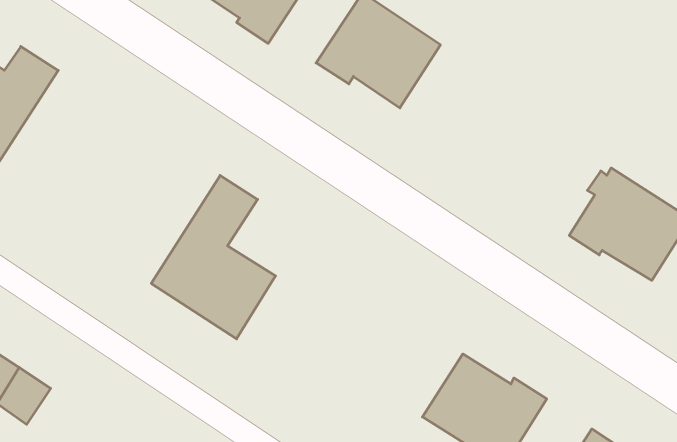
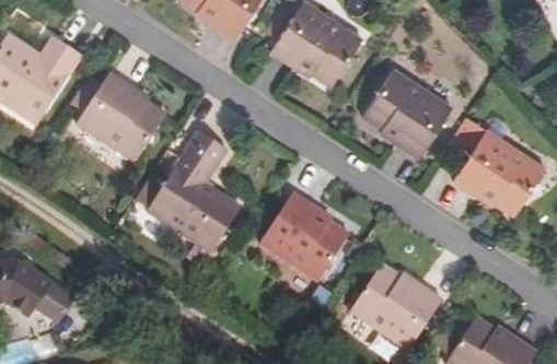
building: none -> [364,69,452,155]
building: none -> [71,74,165,162]
building: none -> [260,191,349,280]

